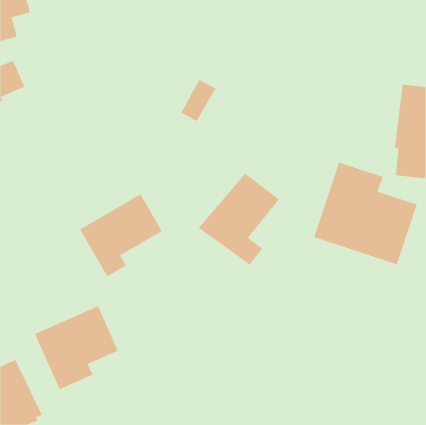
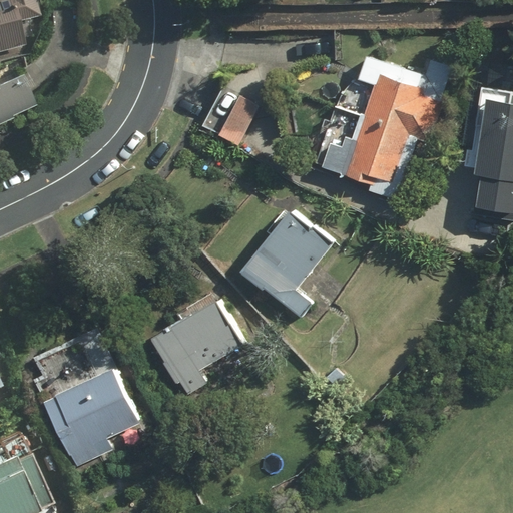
building: none -> [344,75,444,186]
building: [313,162,418,265] -> none
building: [79,194,163,277] -> [148,297,248,397]

